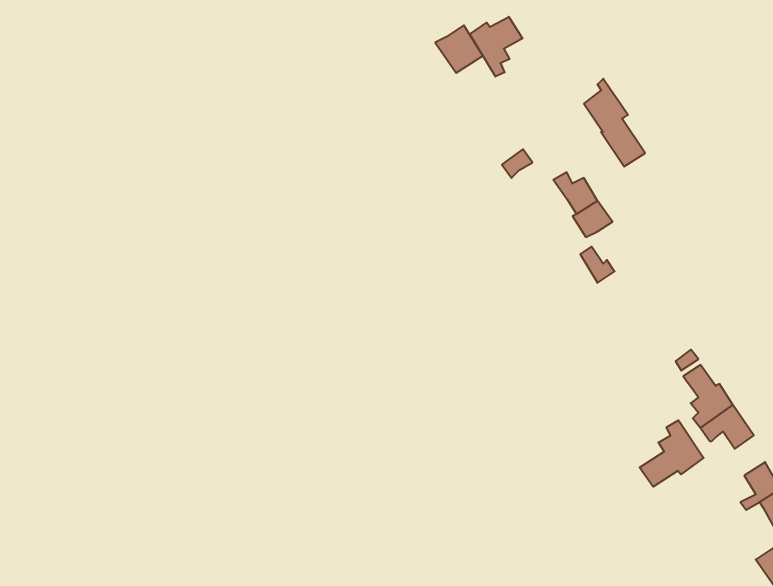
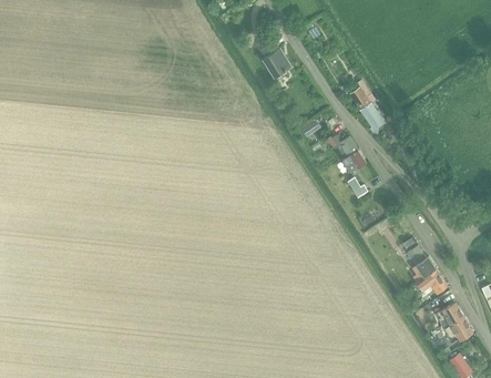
building: [470,17,522,77] -> none
building: [640,420,704,487] -> none

